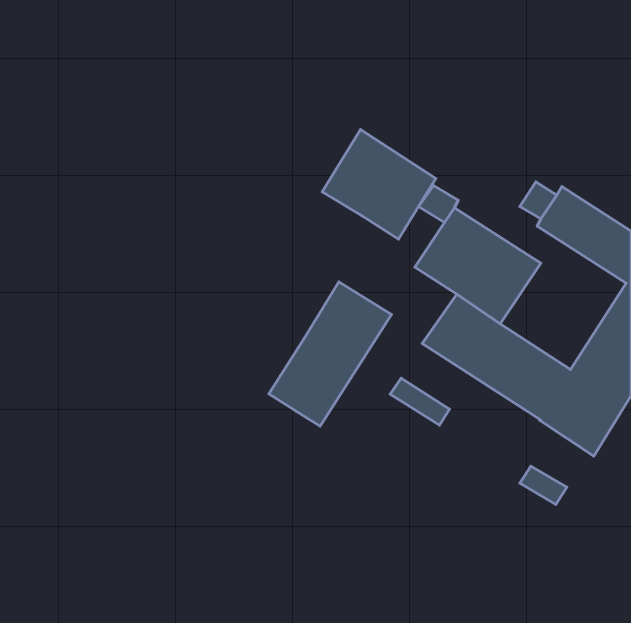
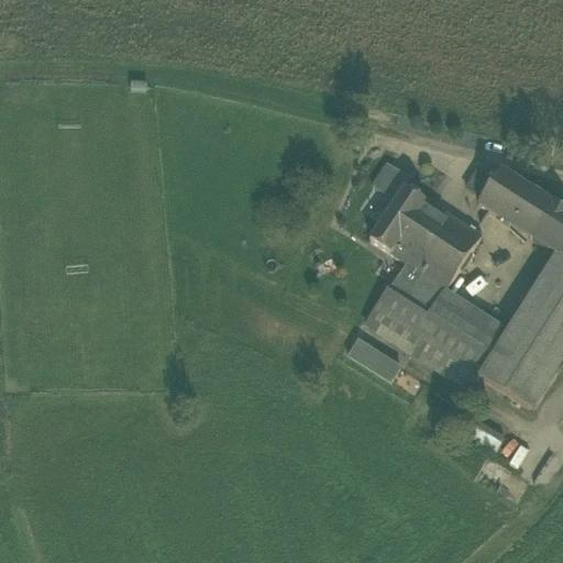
building: [322,130,436,239] -> none
building: [269,282,392,426] -> none
building: none -> [366,306,481,388]

